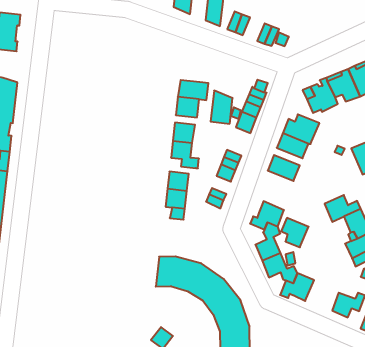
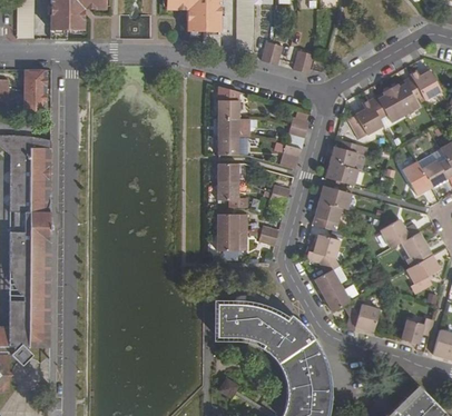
building: [211,91,233,124] -> [218,87,238,119]
building: [281,218,309,247] -> [314,202,342,231]

